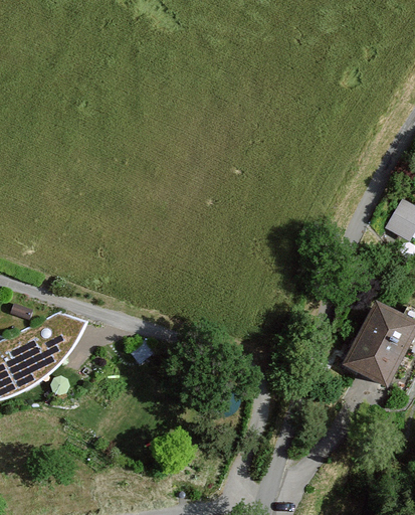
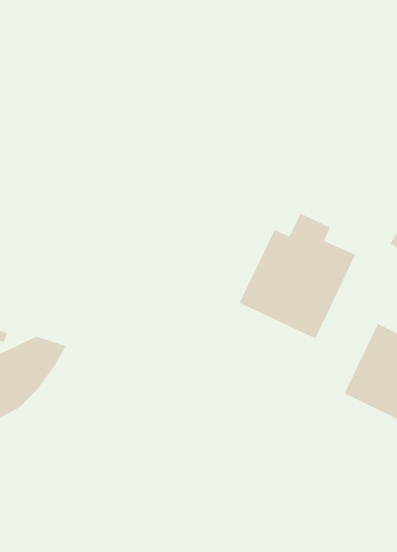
building: none -> [239,213,356,339]

